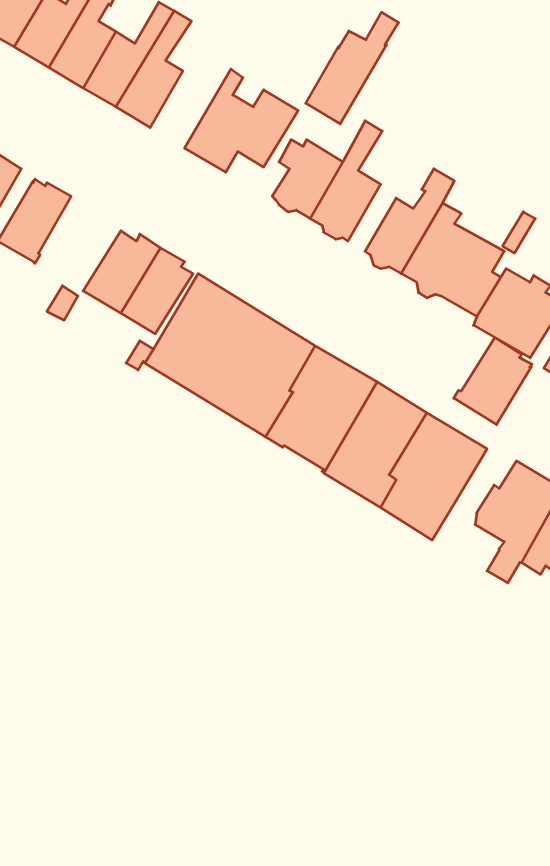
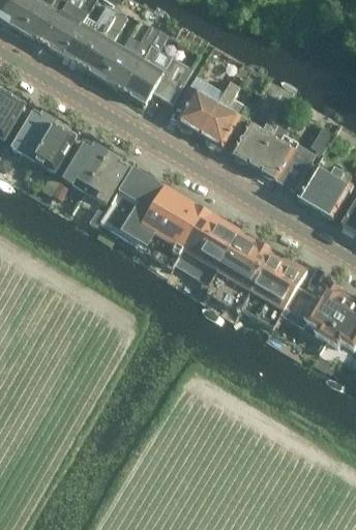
building: [306,12,399,124] -> [103,23,159,90]
building: none -> [36,119,77,171]
building: [454,338,532,425] -> none

